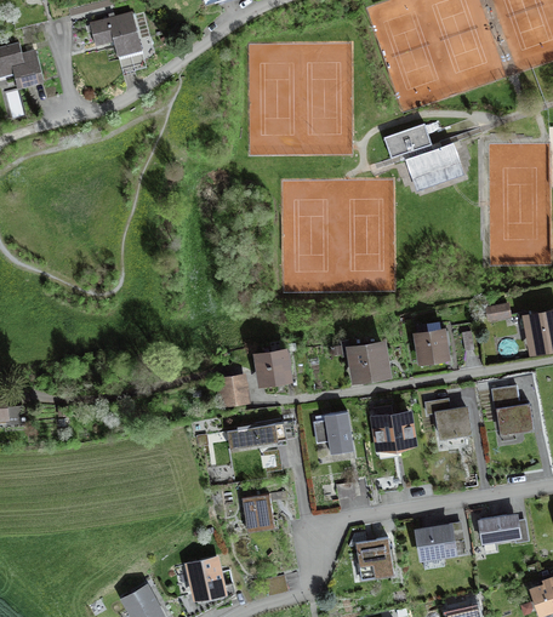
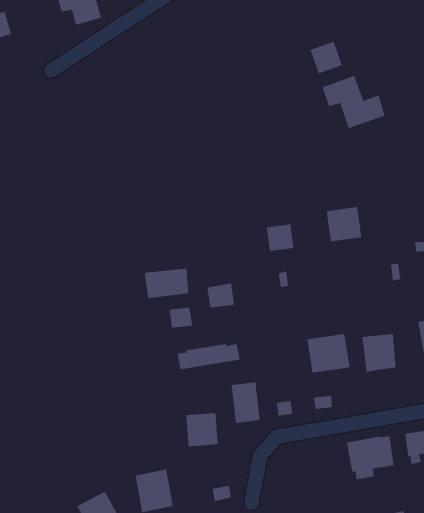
building: none -> [310,41,343,74]
building: [410,327,450,366] -> [326,207,362,242]
building: none -> [144,268,189,299]
building: [354,344,386,375] -> [266,224,294,251]
building: [318,411,350,457] -> [231,382,261,423]
building: [352,537,394,584] -> none

